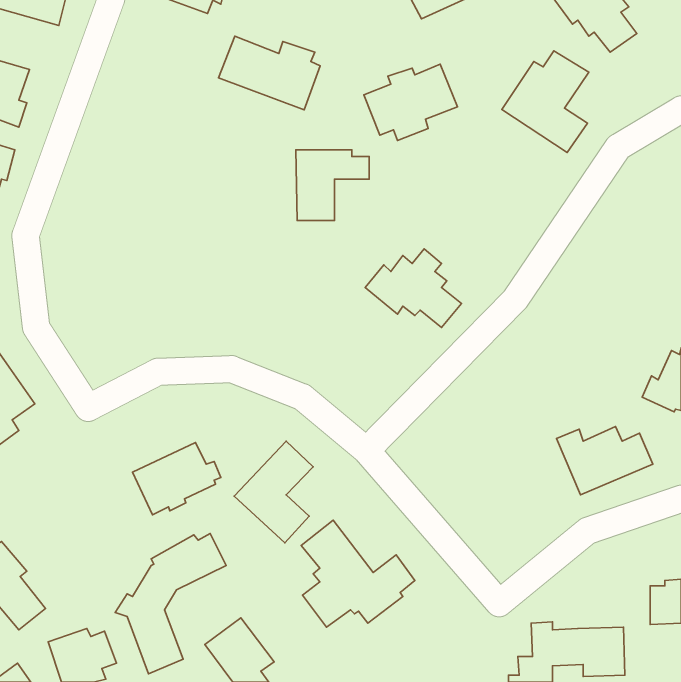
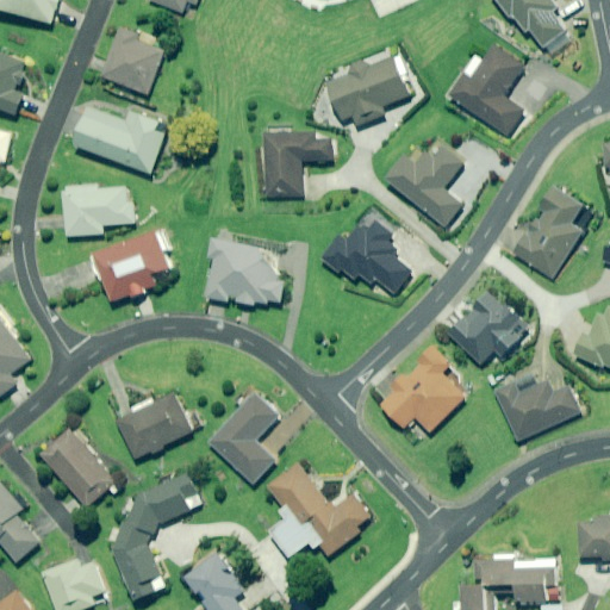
building: none -> [101,30,166,94]
building: [219,36,320,110] -> [74,107,164,173]
building: none -> [386,145,466,228]
building: none -> [512,183,584,279]
building: none -> [62,185,135,236]
building: none -> [94,231,173,301]
building: none -> [206,239,284,306]
building: none -> [450,287,529,363]
building: none -> [380,348,465,431]
building: none -> [41,428,114,506]

